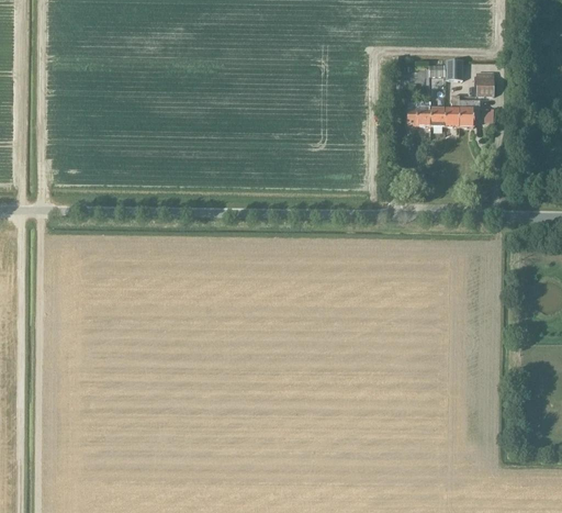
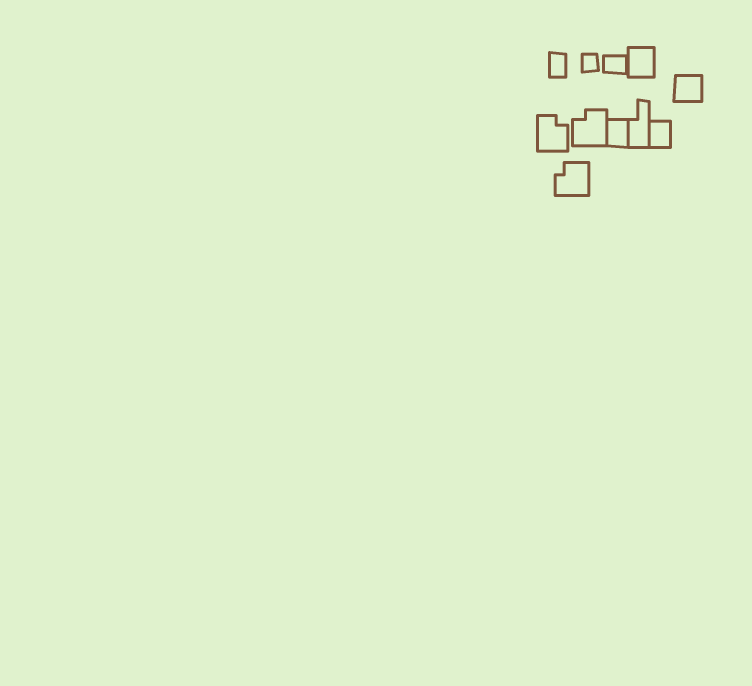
building: none -> [537,115,568,151]
building: none -> [555,162,589,196]

